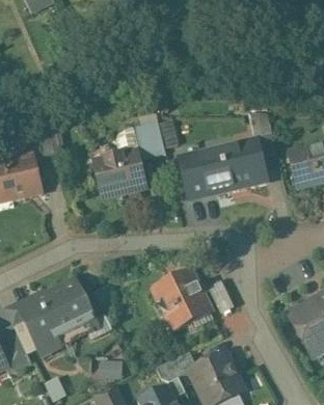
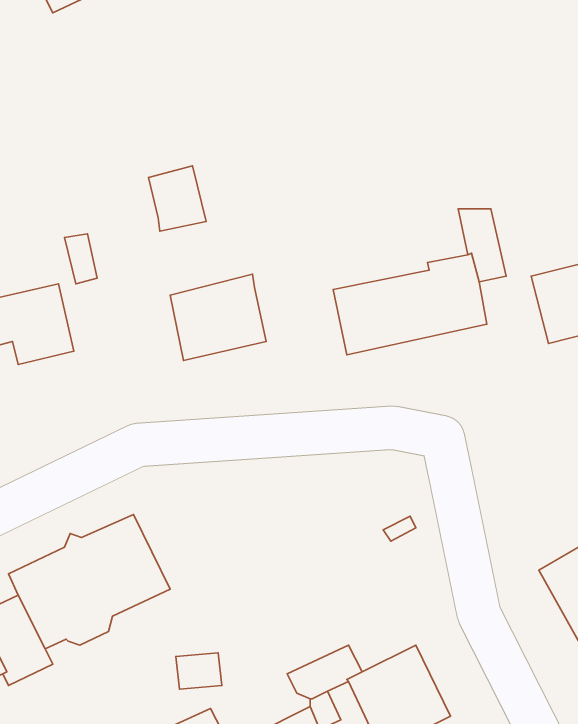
building: [133,122,164,157] -> [148,166,206,231]
building: [154,270,208,329] -> none

